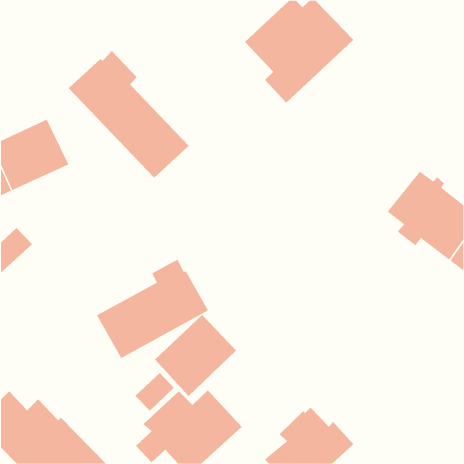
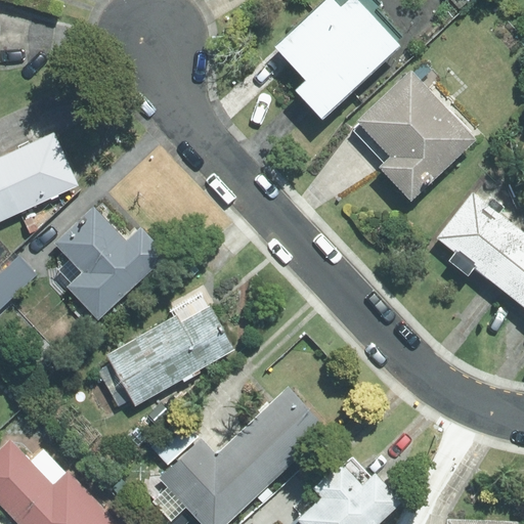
building: [68,50,189,179] -> none
building: none -> [353,71,476,200]
building: none -> [47,206,168,319]
building: [154,314,237,397] -> [234,388,328,481]

